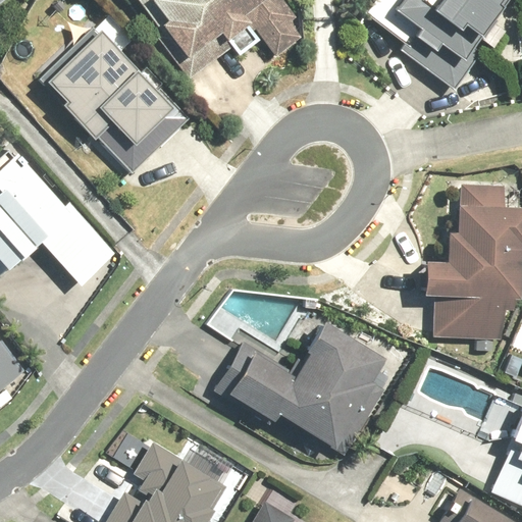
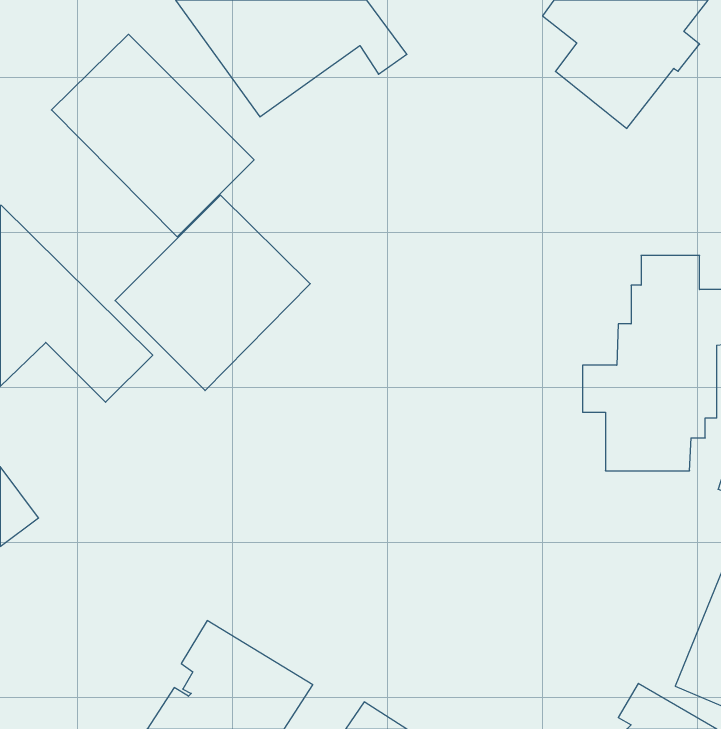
building: none -> [115,195,310,391]
building: [224,321,394,457] -> none

